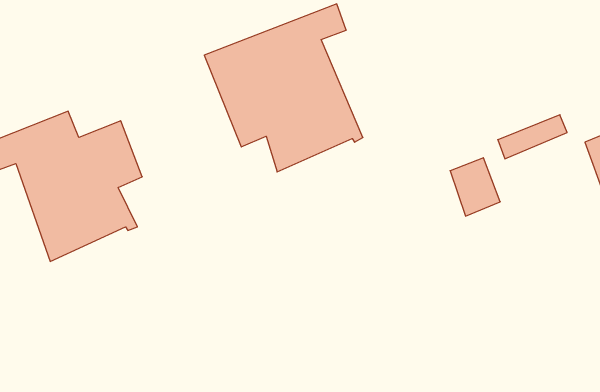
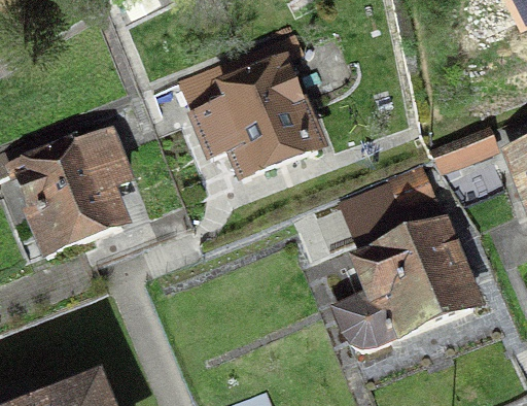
building: none -> [339,230,477,347]

